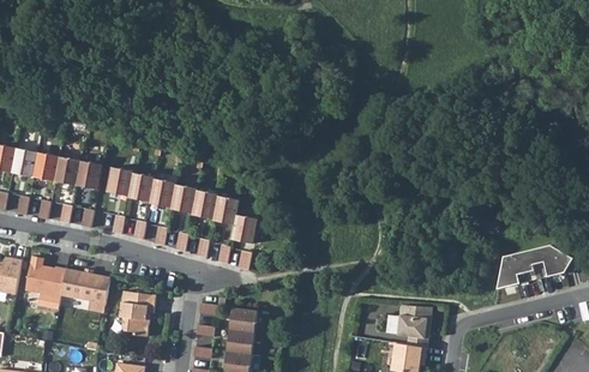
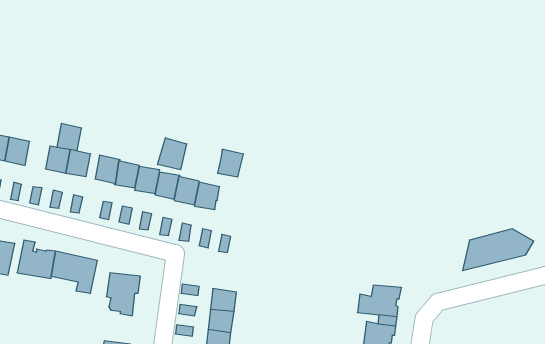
building: none -> [158,138,187,170]
building: [32,152,59,181] -> [57,123,82,151]
building: [230,215,258,244] -> [218,150,244,177]

